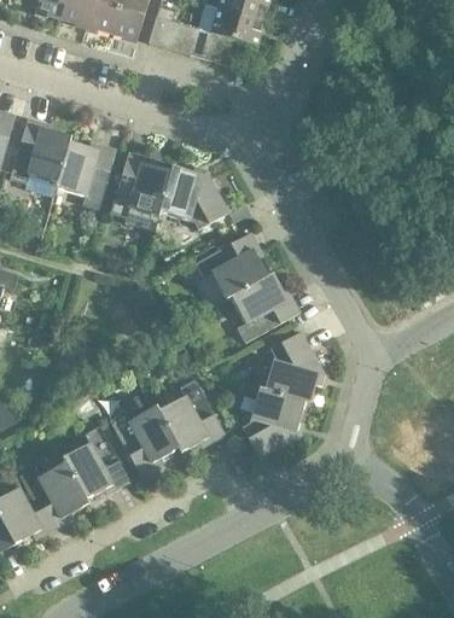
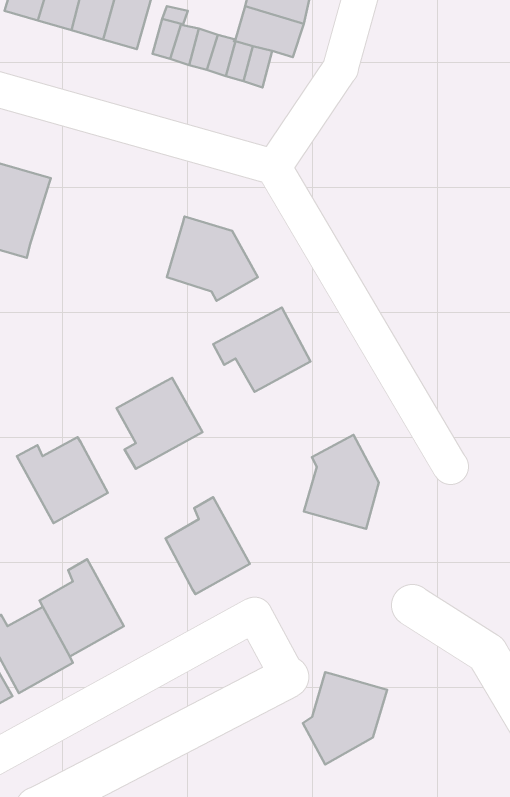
building: [56,139,115,208] -> none
building: [110,156,171,229] -> none
building: [231,272,296,340] -> [117,378,203,469]
building: [241,386,305,456] -> [303,672,387,765]
building: [110,404,179,470] -> [17,437,108,523]

